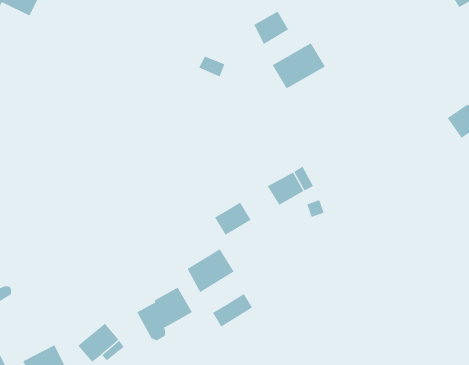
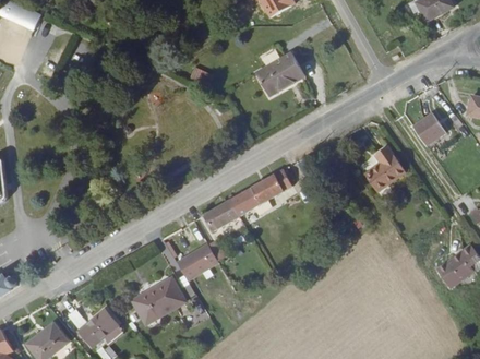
building: [254,11,289,45] -> none
building: none -> [364,145,405,190]
building: none -> [227,186,262,216]
building: [212,293,253,327] -> none

